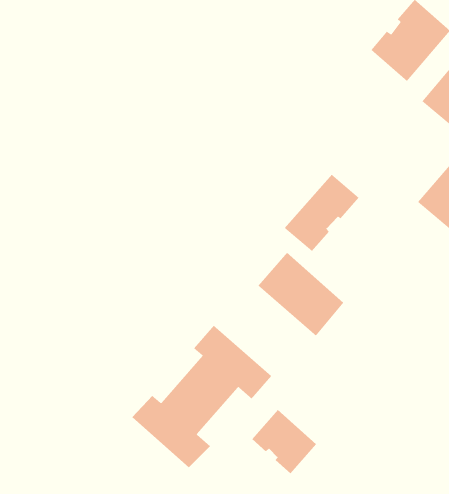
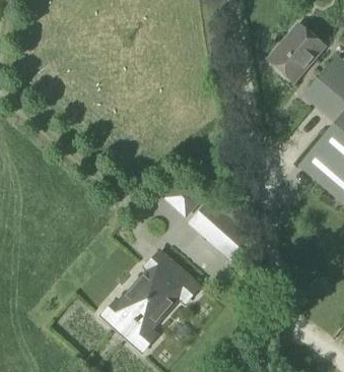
building: [284,174,360,252] -> none
building: [252,409,317,474] -> none

